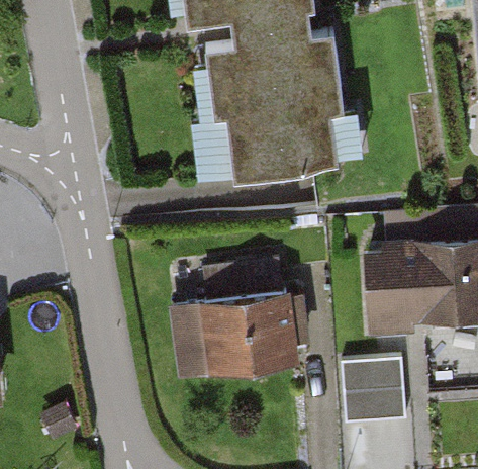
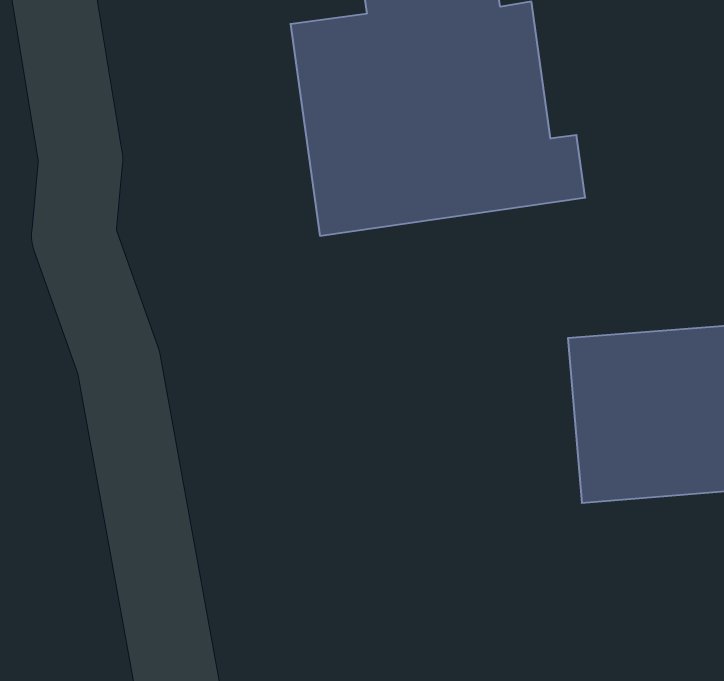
building: [170,289,303,382] -> none
building: [351,362,409,426] -> none

